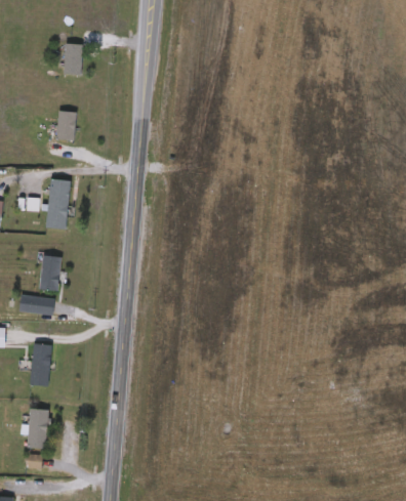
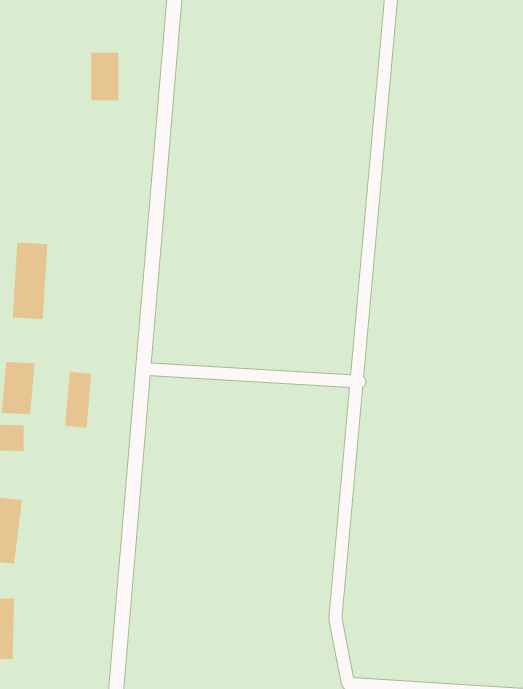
building: [64,43,82,75] -> [91,52,119,101]
building: [57,111,76,140] -> none
building: none -> [64,371,92,429]

